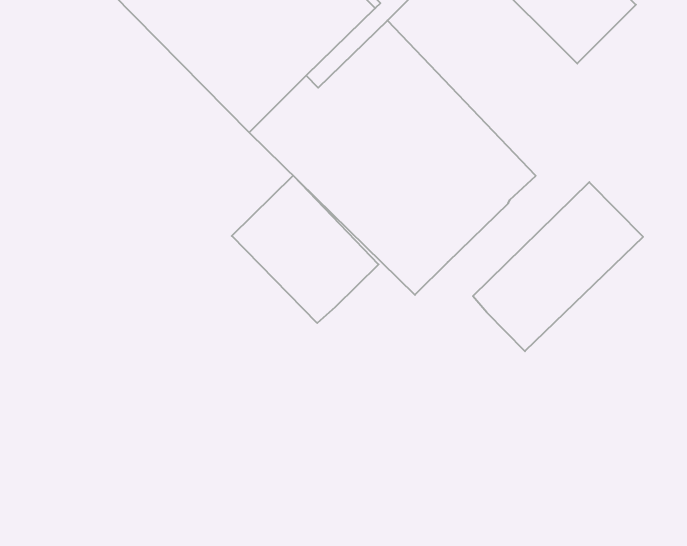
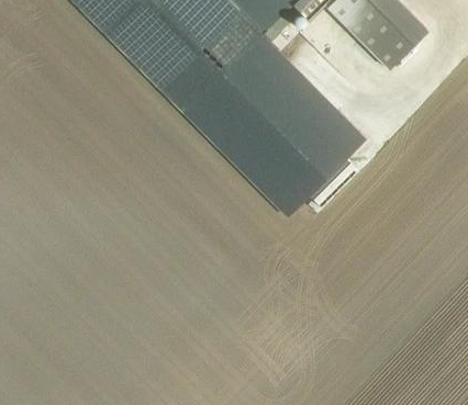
building: [232,176,379,323] -> none
building: [473,182,643,351] -> none

